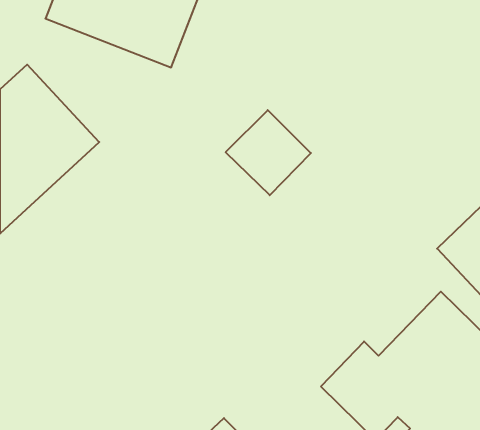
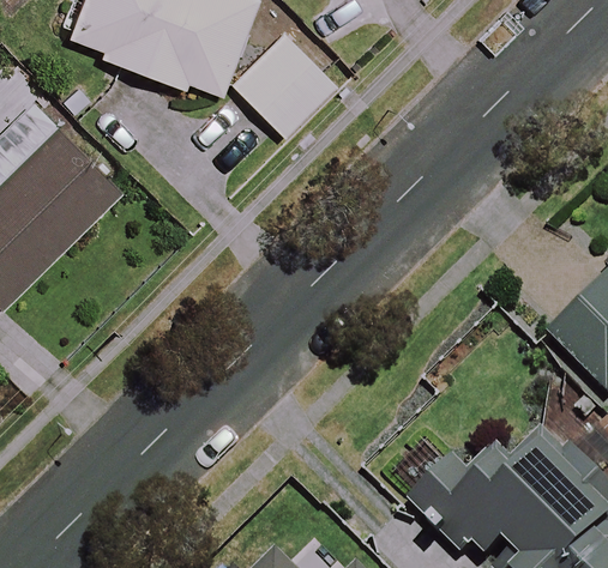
building: [226,110,311,195] -> [227,31,333,138]

